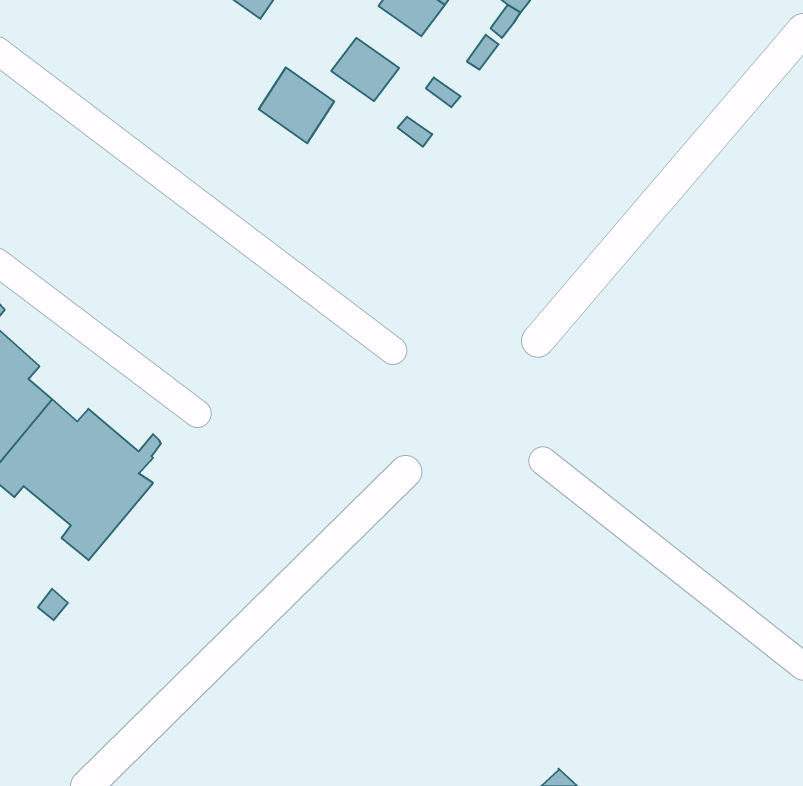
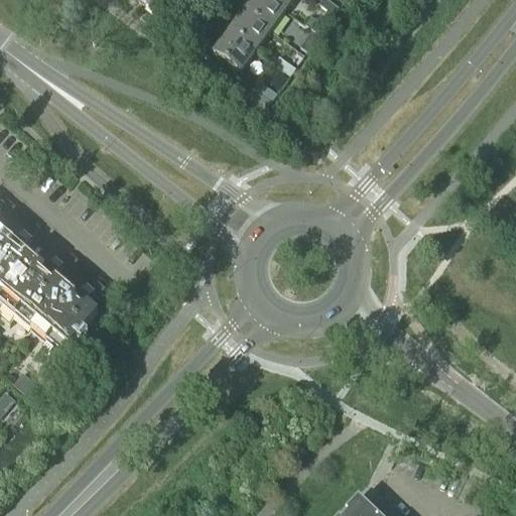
building: none -> [228,4,269,43]
building: [259,67,334,143] -> none

